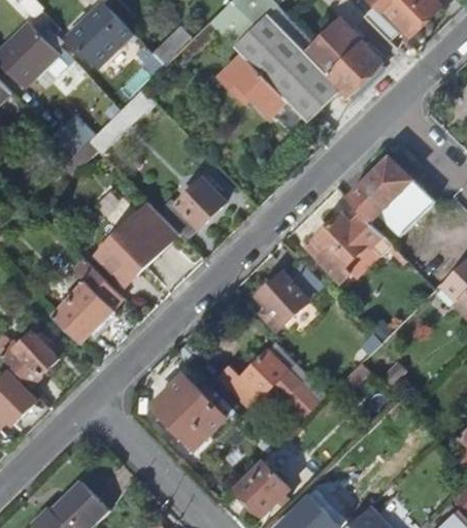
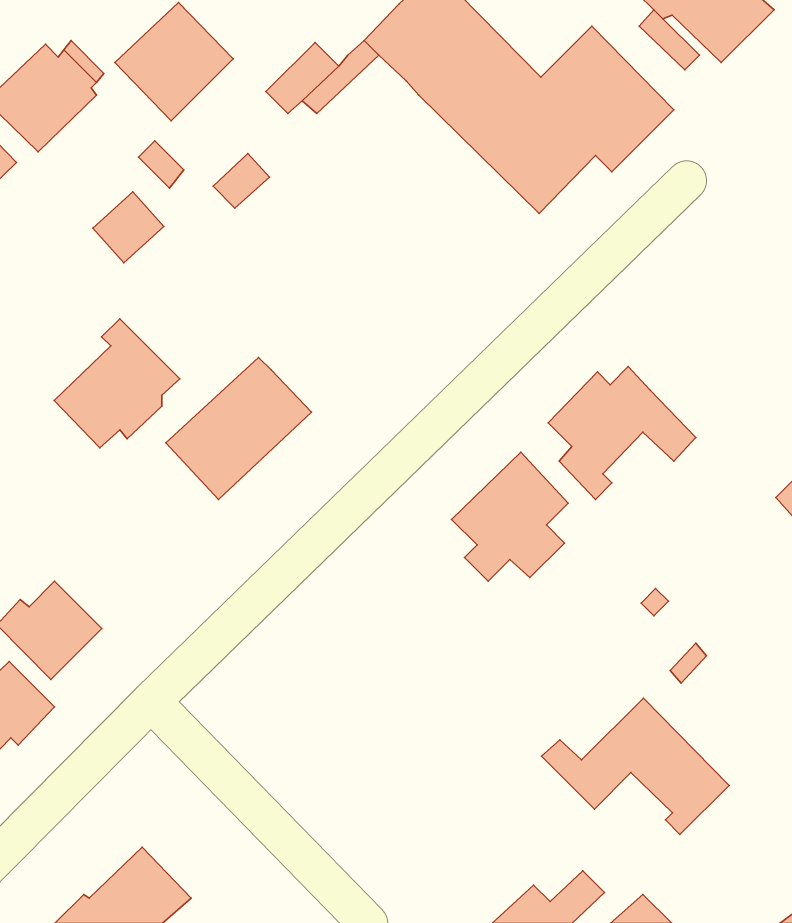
building: [219,55,311,141] -> none
building: [346,163,432,233] -> none
building: [155,178,225,241] -> none
building: [55,266,126,339] -> [54,319,180,448]
building: [219,345,325,423] -> [542,698,729,835]
building: [152,375,224,449] -> none
building: [235,463,288,516] -> none

